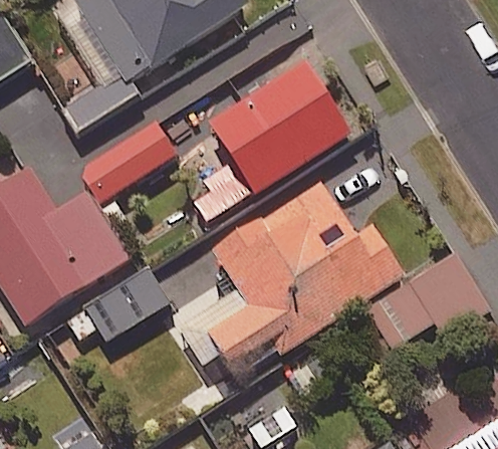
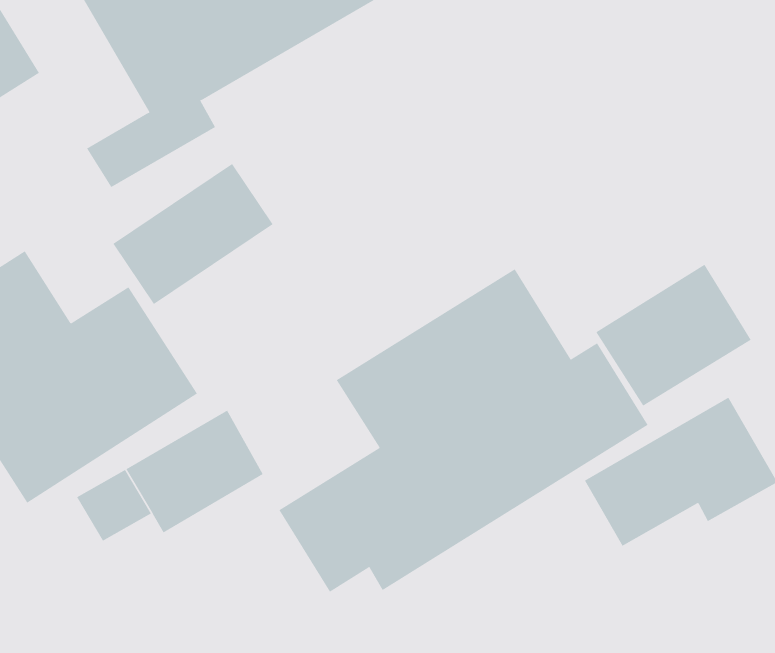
building: [189,59,354,219] -> none
building: none -> [596,264,752,407]

